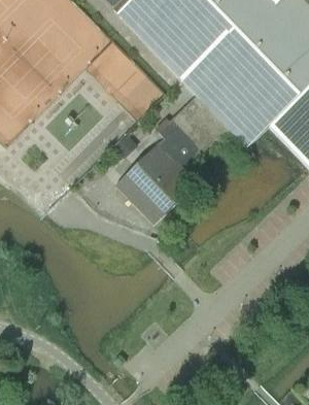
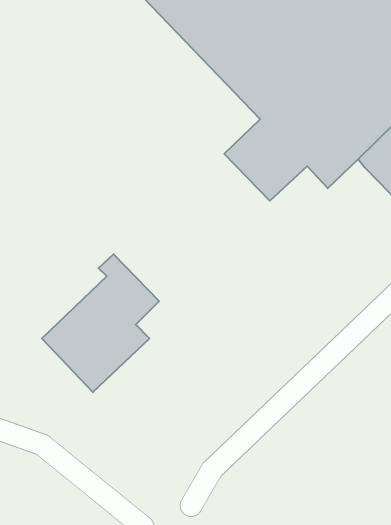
building: [116,121,204,224] -> [42,254,159,392]

